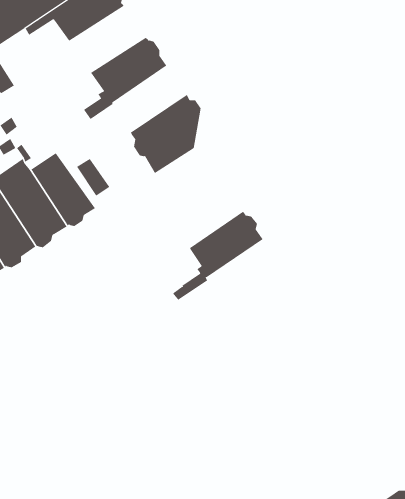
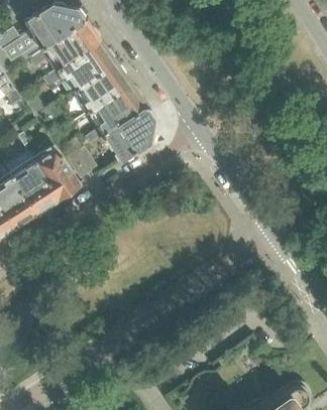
building: none -> [44,42,115,90]
building: [172,211,264,301] -> [80,85,144,148]

